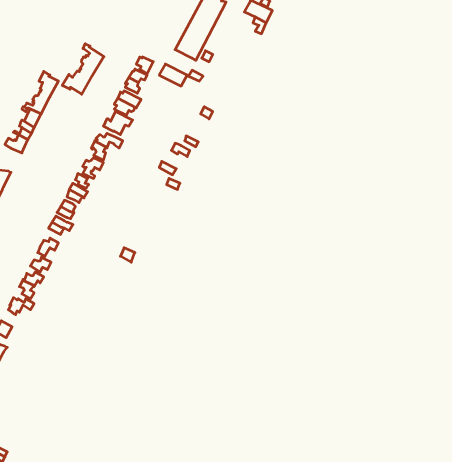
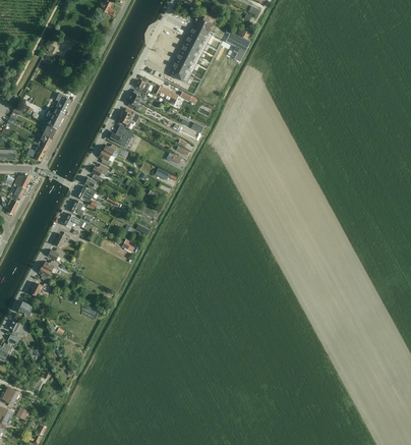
building: [62,44,104,94] -> none

